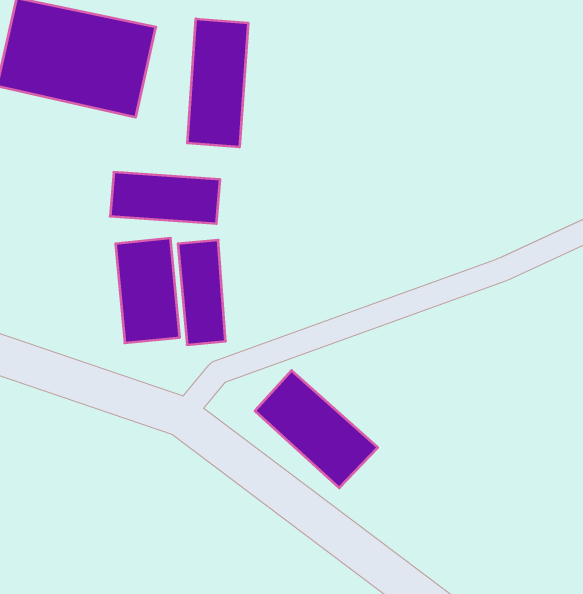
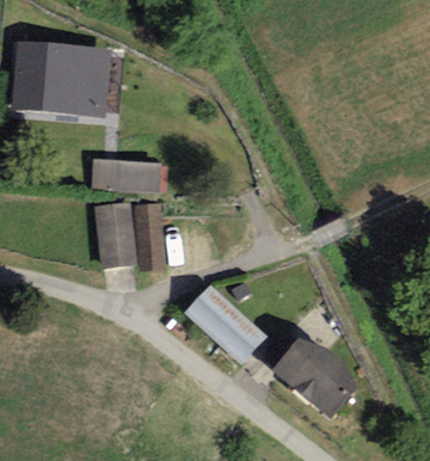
building: [187,19,248,147] -> none
building: none -> [275,344,355,419]

